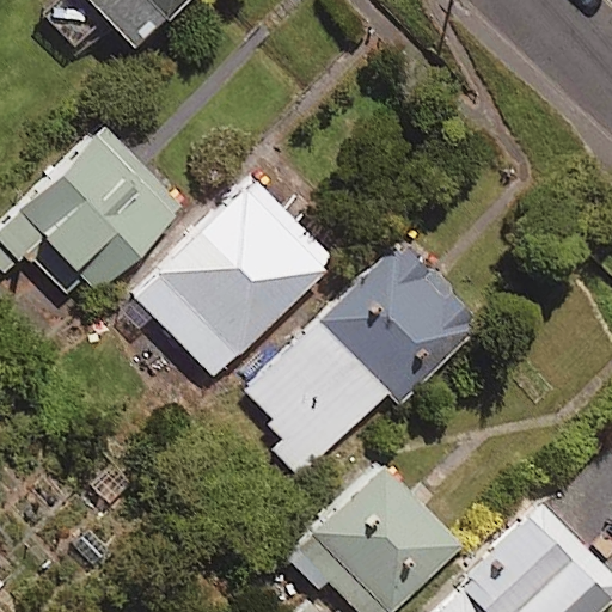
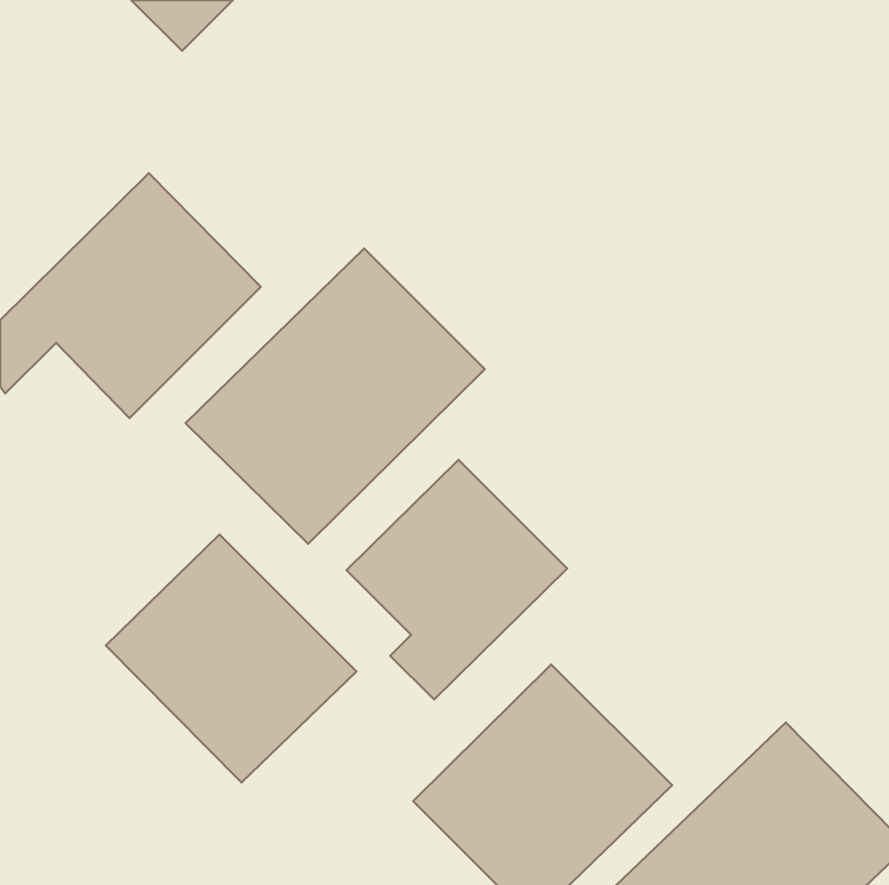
building: [317,245,479,406] -> none
building: none -> [106,534,356,783]

